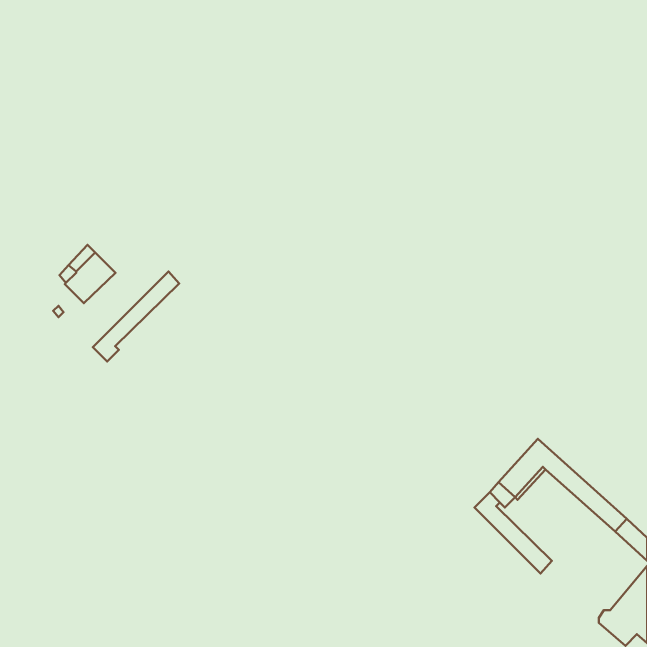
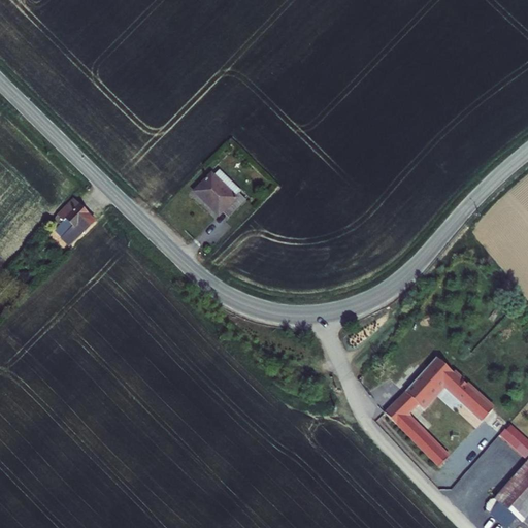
building: none -> [194,169,245,218]
building: [93,272,179,361] -> none

